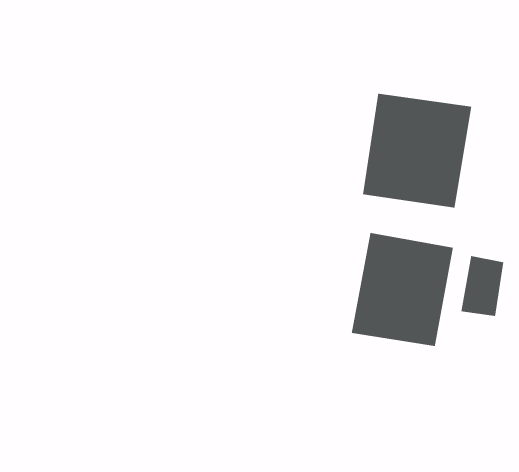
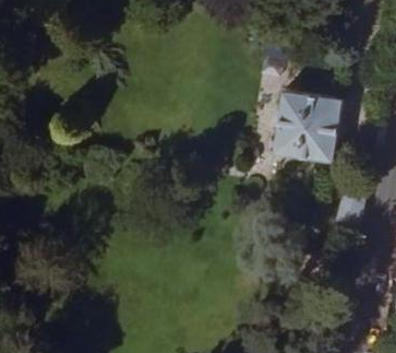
building: [351,232,454,347] -> none

